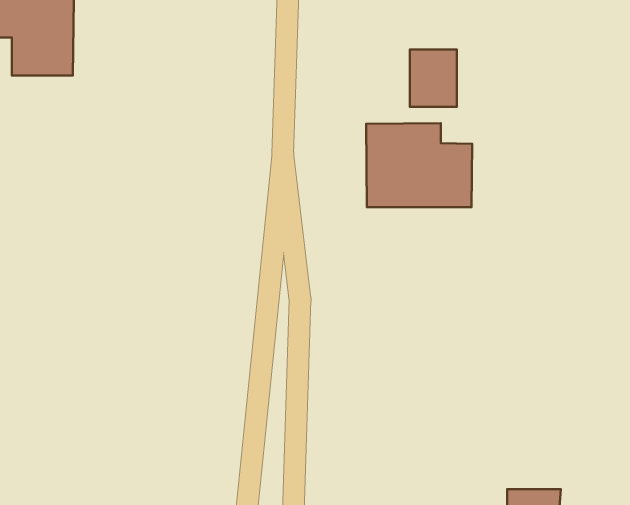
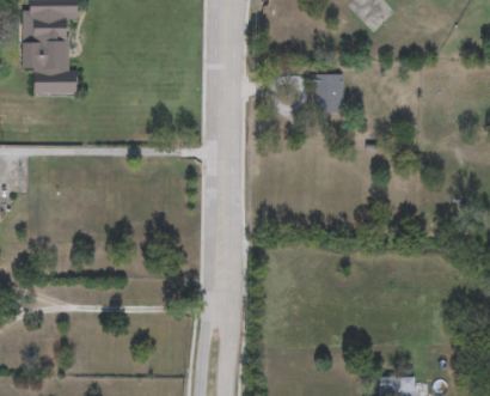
building: [366,123,472,207] -> none

